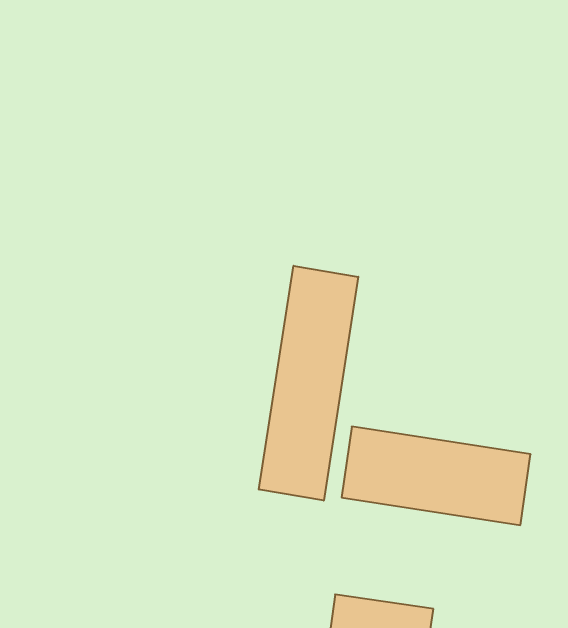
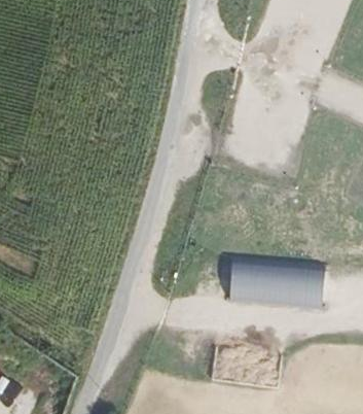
building: [259,266,358,501] -> none

